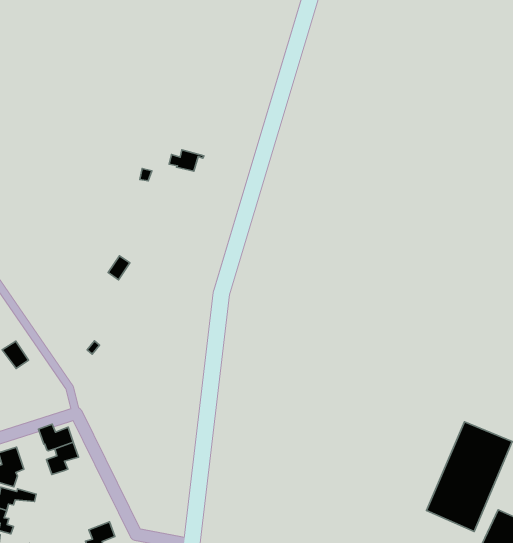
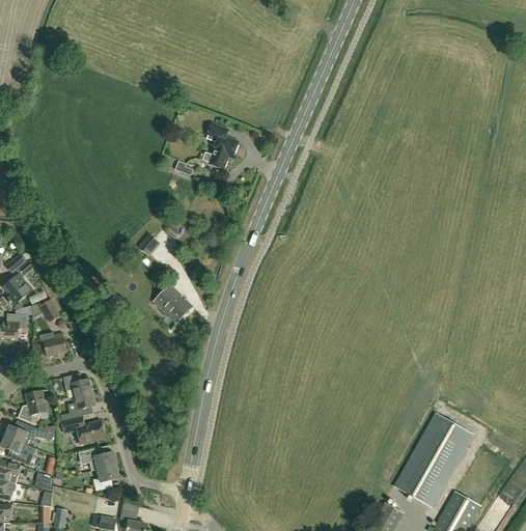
building: none -> [206,123,239,156]
building: none -> [154,284,193,322]
building: none -> [39,332,67,357]
building: none -> [61,416,106,444]
building: none -> [79,448,116,471]

